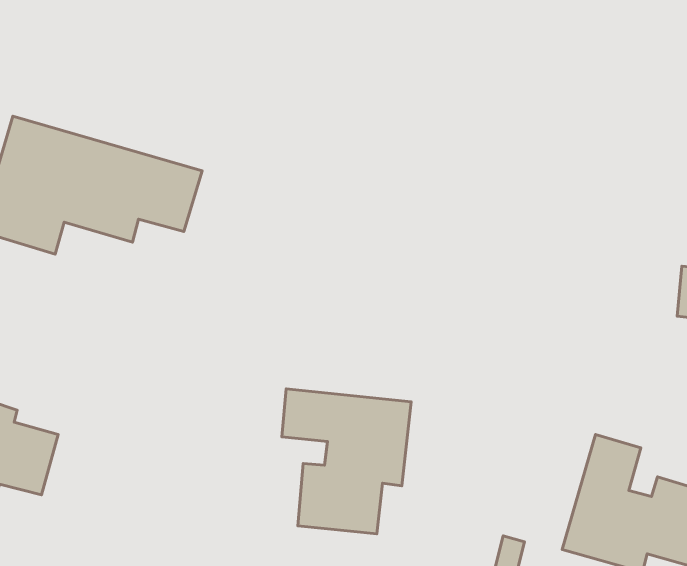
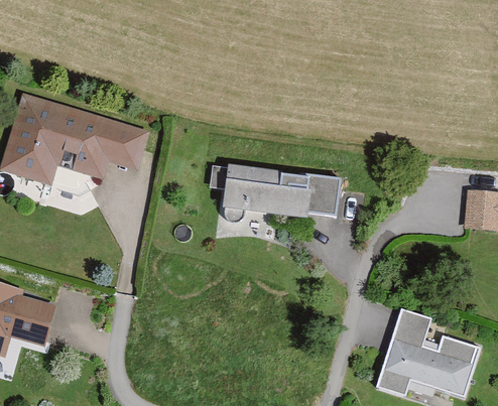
building: none -> [218,167,339,218]
building: [282,389,411,534] -> none

